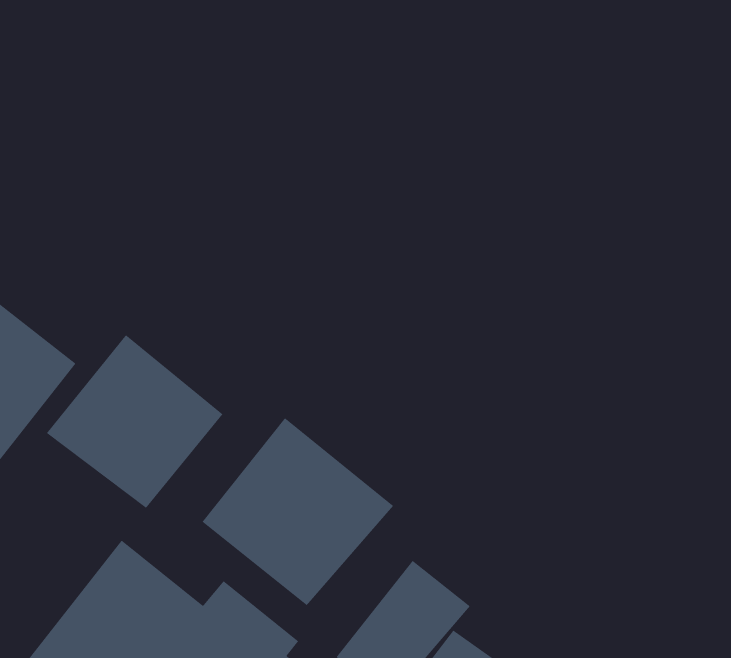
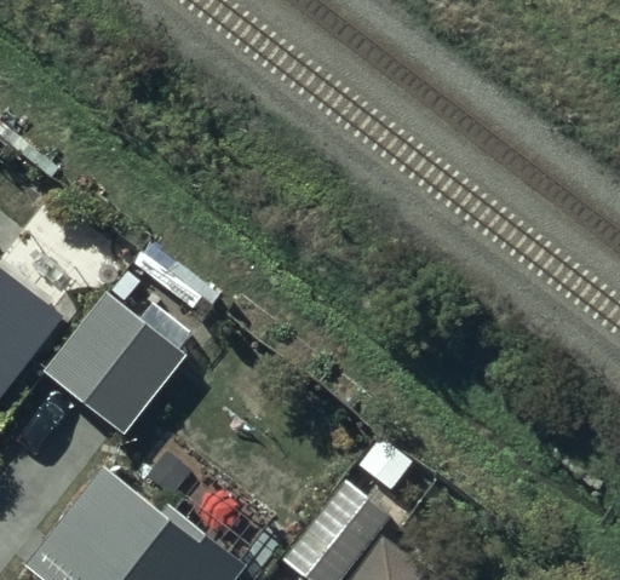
building: [201,417,394,606] -> none

